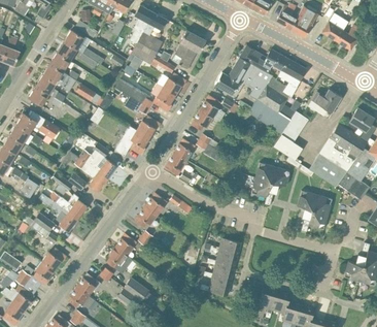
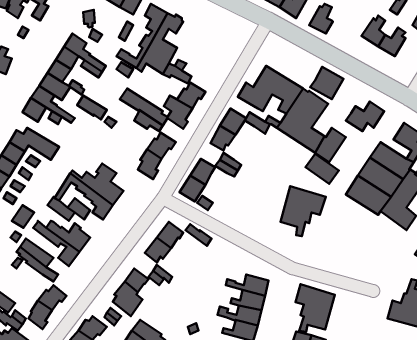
building: [290,6,318,38] -> none
building: [171,30,206,69] -> none
building: [239,45,287,80] -> none
building: [298,190,332,231] -> [296,284,335,332]

